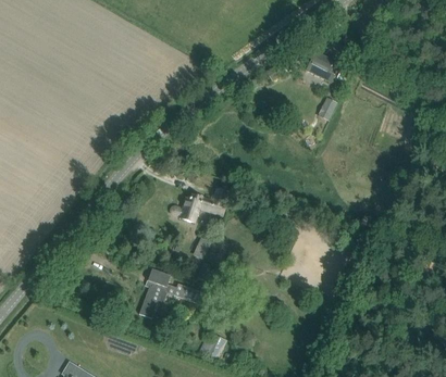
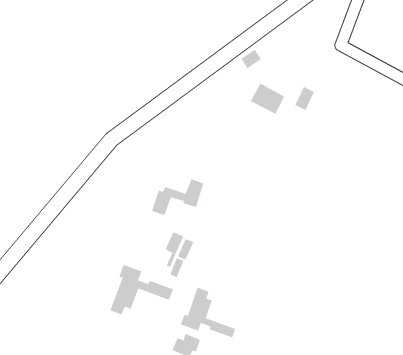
building: [306,51,339,81] -> [250,83,285,115]
building: none -> [180,287,236,338]

